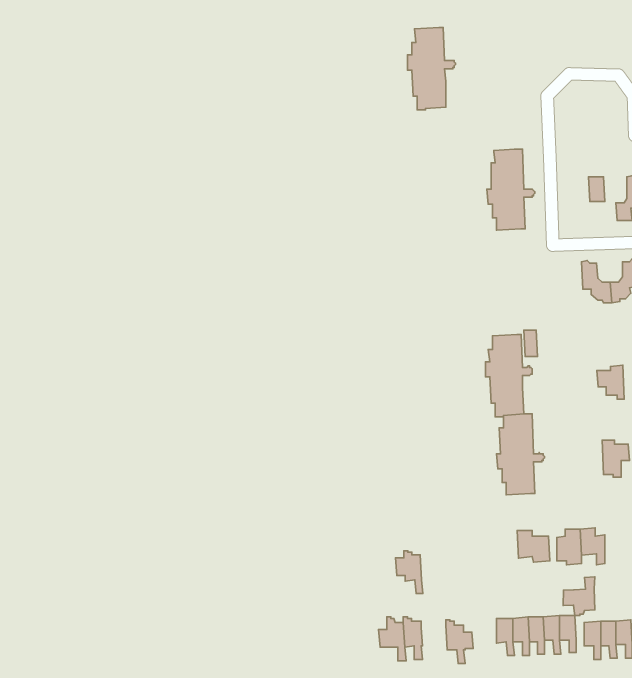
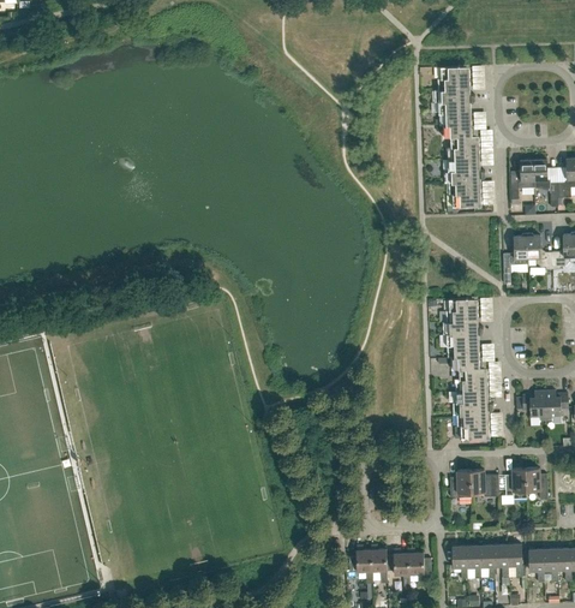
building: [408,28,456,110] -> [437,66,479,138]
building: none -> [514,160,537,199]
building: none -> [505,234,531,274]
building: [597,365,624,399] -> [525,391,549,421]
building: none -> [453,470,474,499]
building: [395,551,423,593] -> [389,549,413,586]
building: [563,577,595,616] -> none

